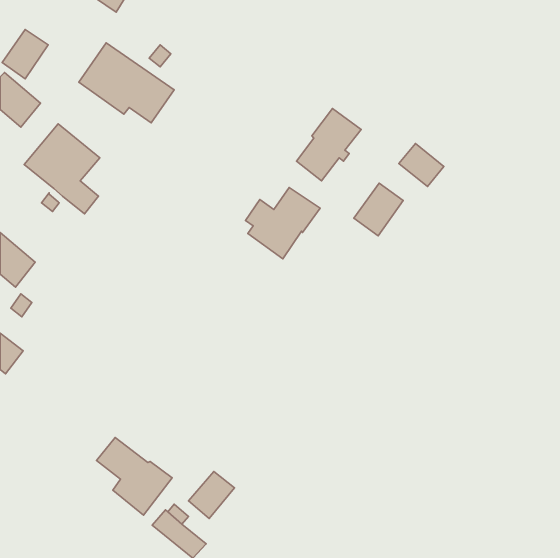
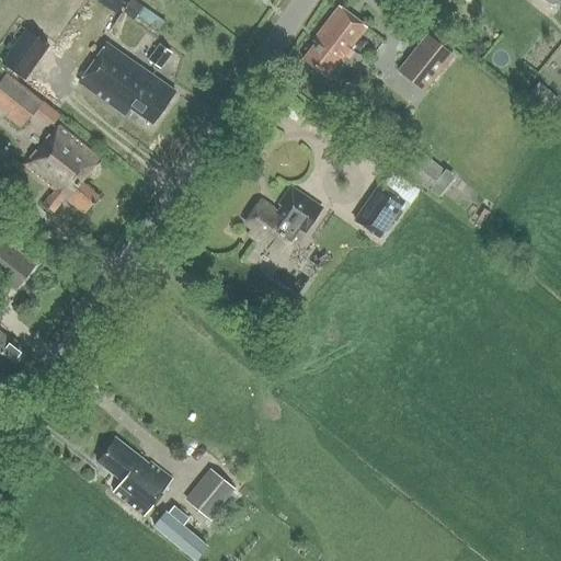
building: none -> [396,30,453,89]
building: [296,109,361,181] -> [301,5,366,78]

